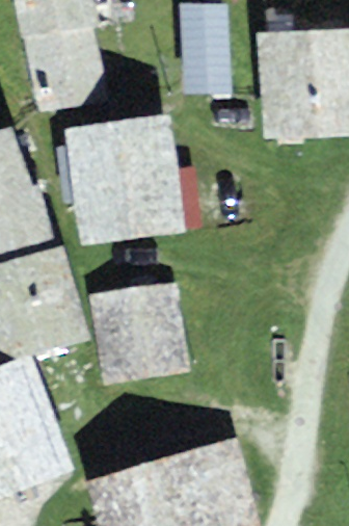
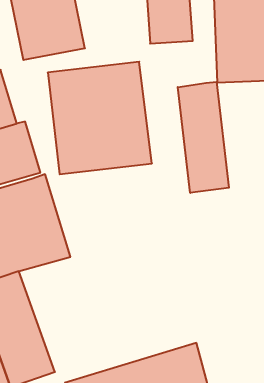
building: none -> [178,82,229,193]
building: [90,280,189,383] -> none

